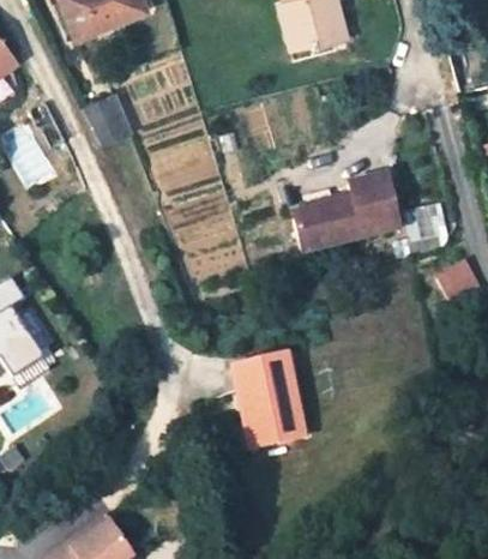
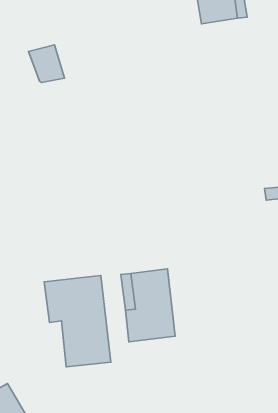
building: [294,175,399,251] -> none
building: none -> [44,275,111,367]

